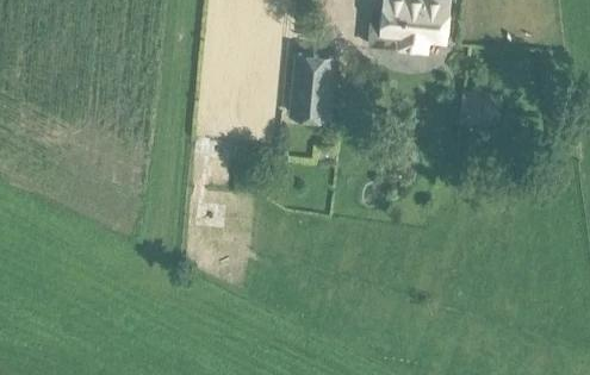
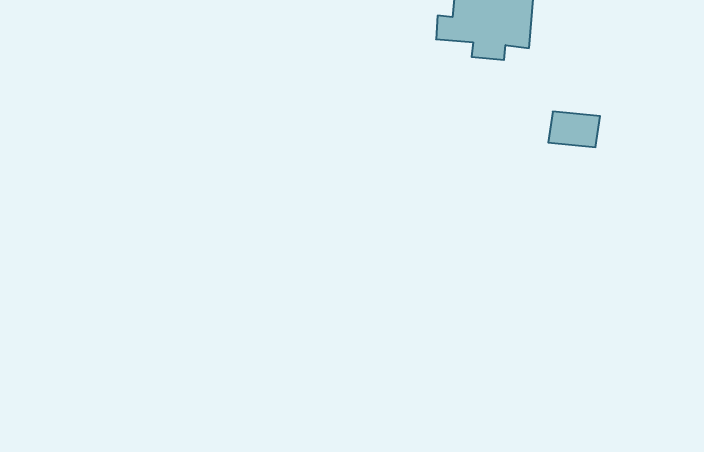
building: [293,55,335,118] -> none

